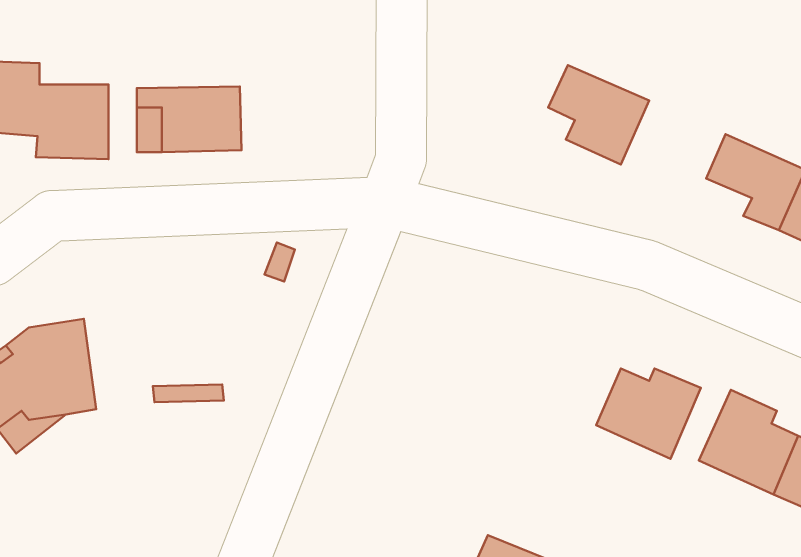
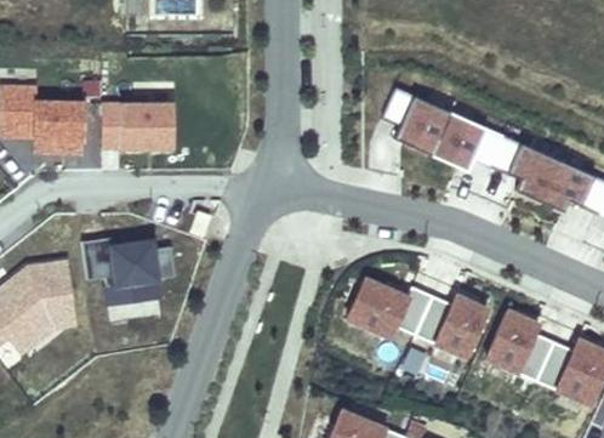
building: none -> [433,112,505,171]
building: none -> [81,238,176,305]
building: none -> [347,278,433,337]

